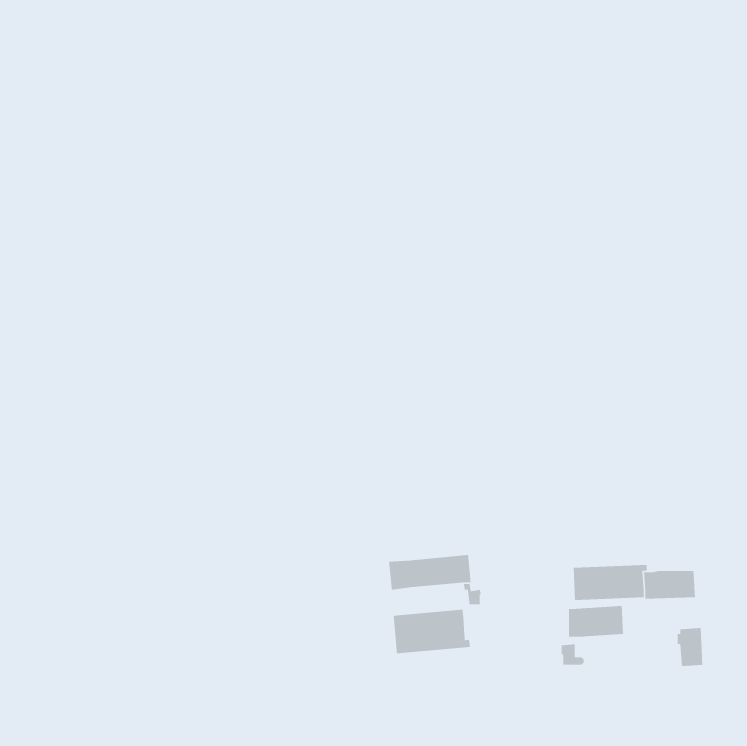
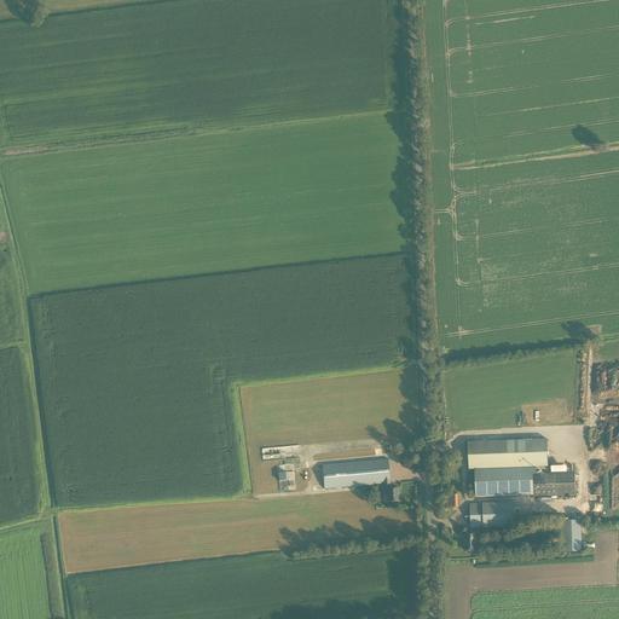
building: none -> [467,436,546,468]
building: [393,609,471,654] -> none

